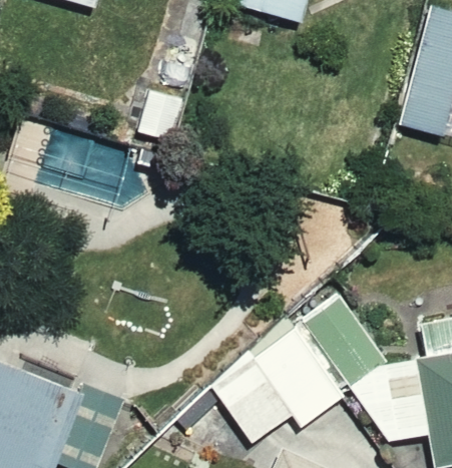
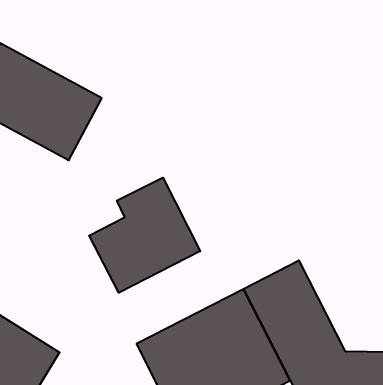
building: none -> [89,178,200,293]

